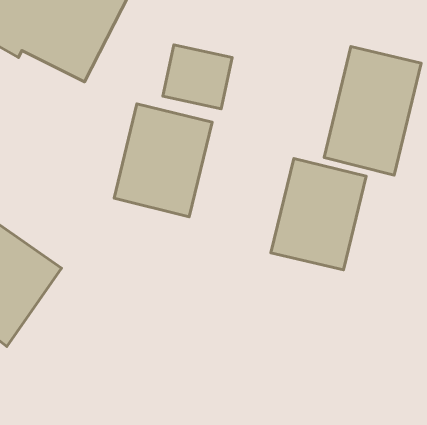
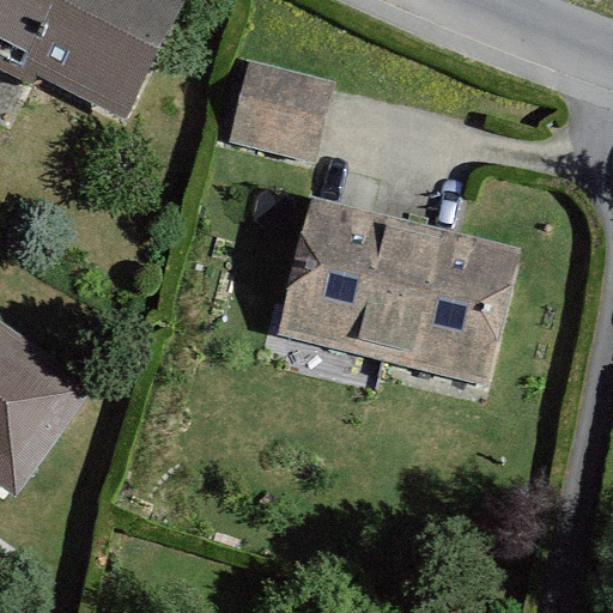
building: [324,47,421,175] -> none
building: [114,104,212,217] -> [278,199,417,359]

